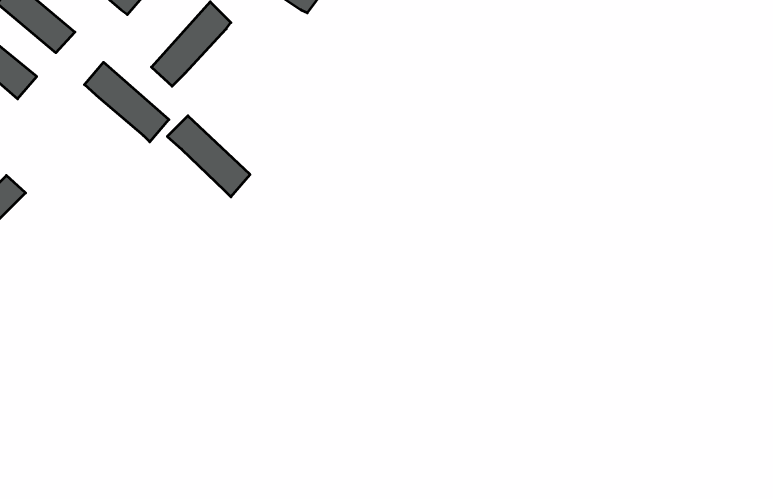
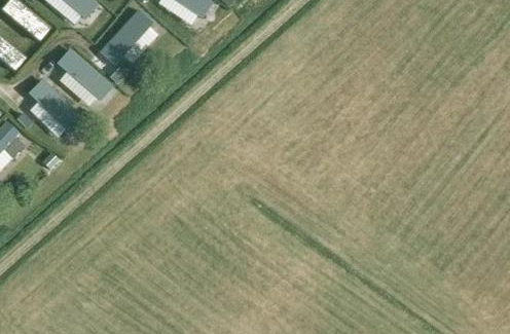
building: [167,116,250,197] -> [29,81,82,134]

